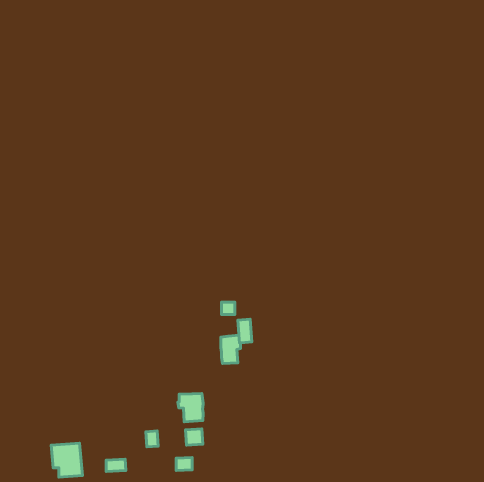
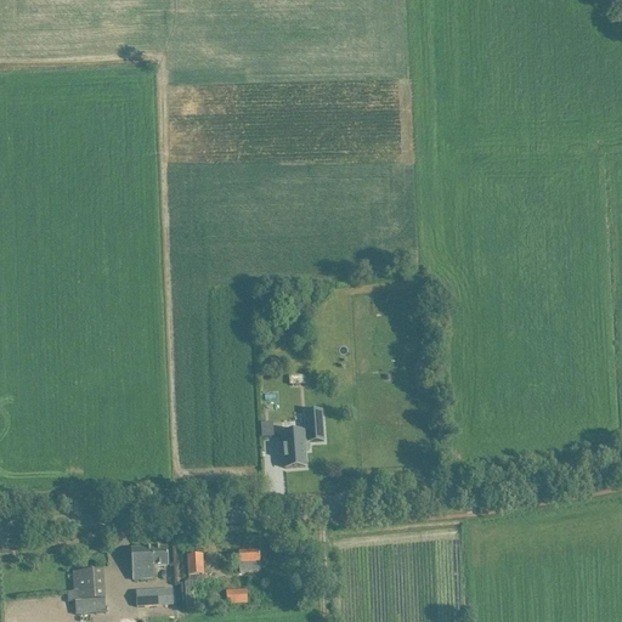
building: [178,394,203,422] -> none
building: none -> [131,545,168,578]

